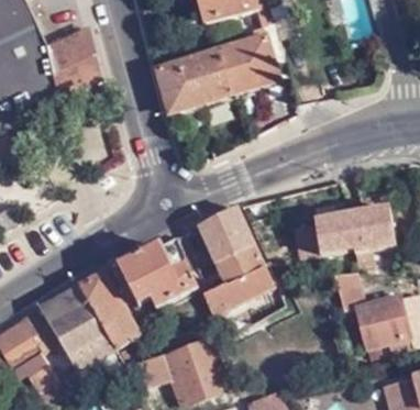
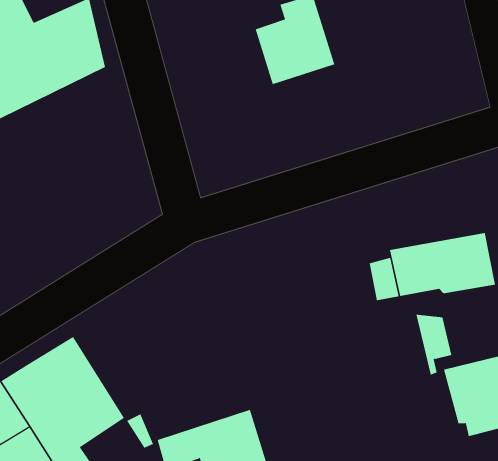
building: [155,53,225,114] -> none
building: [198,204,276,307] -> none
building: [115,235,201,318] -> none
building: [76,273,140,345] -> none

